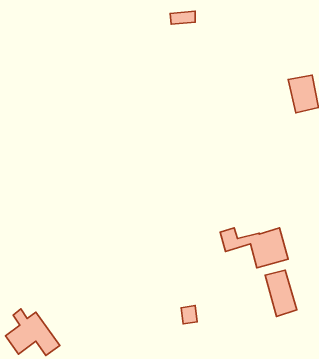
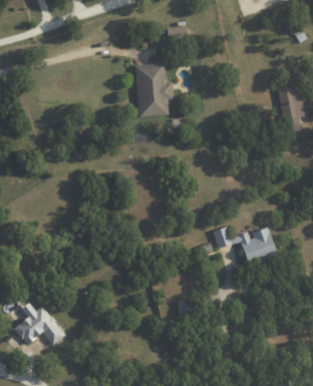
building: none -> [134,63,173,116]
building: [265,270,297,317] -> none

